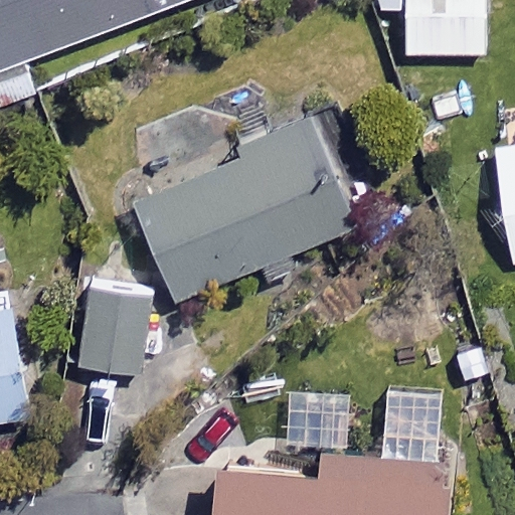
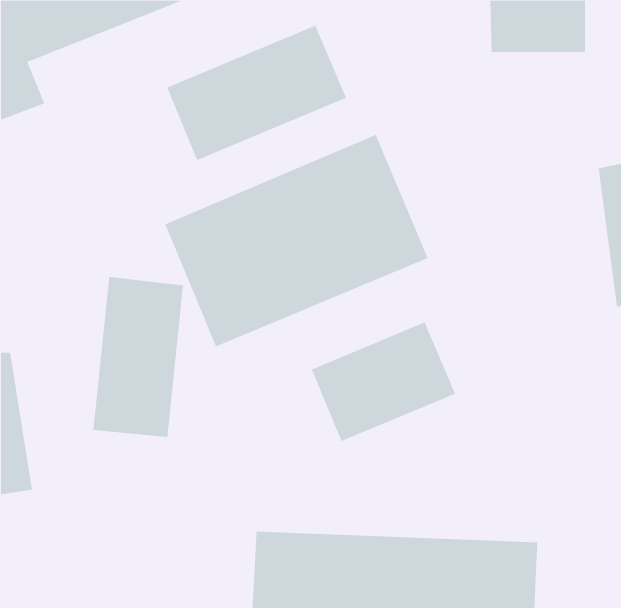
building: none -> [166,25,347,161]
building: none -> [311,322,456,442]

